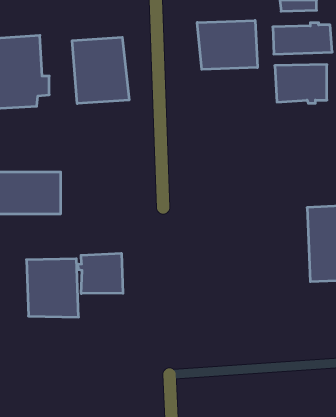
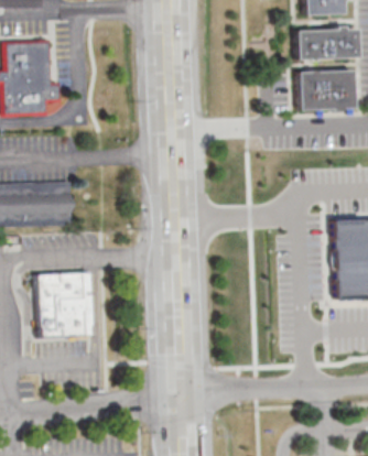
building: [197,20,257,69] -> none
building: [72,37,129,104] -> none
building: [78,253,123,294] -> none

